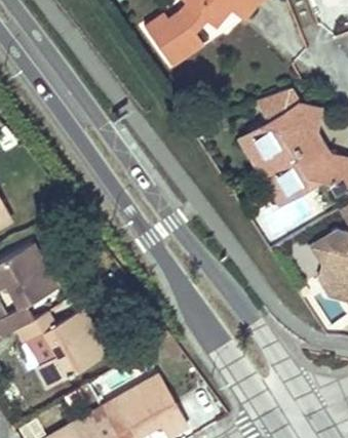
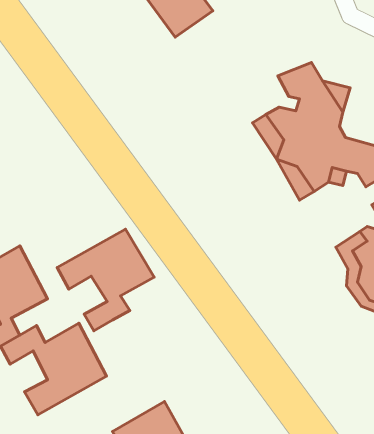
building: none -> [57,229,154,331]

